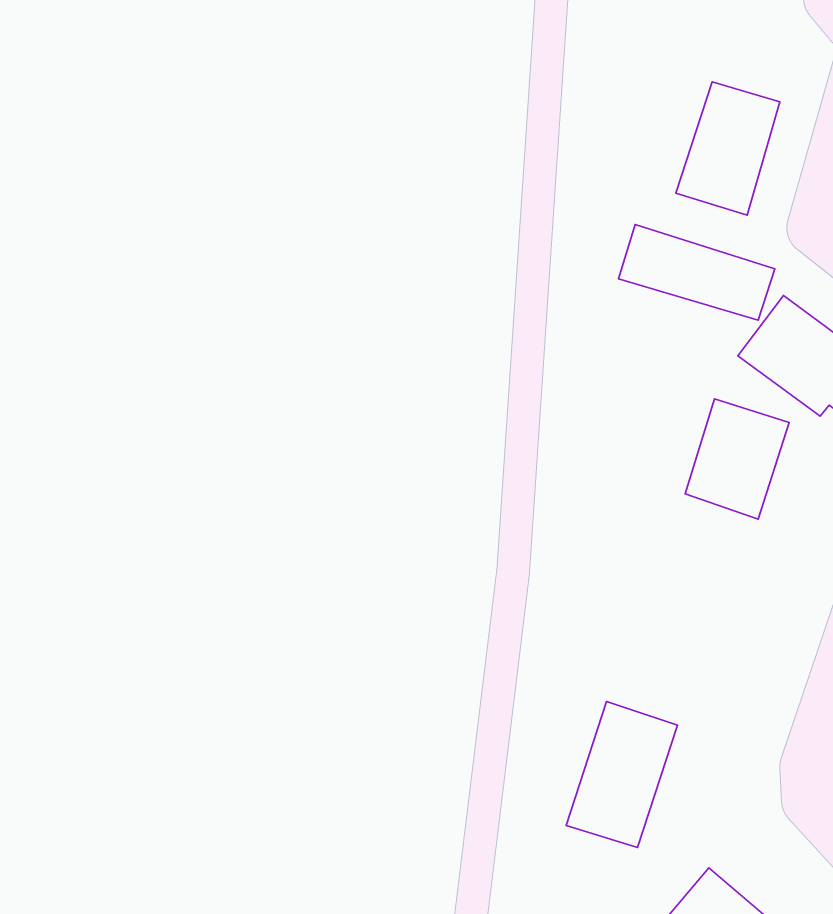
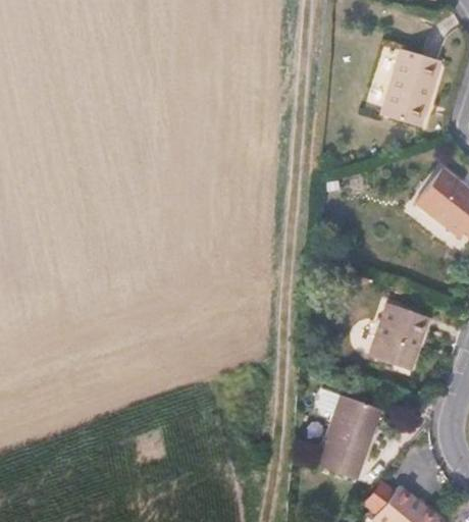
building: [618,224,775,320] -> none
building: [685,399,789,519] -> [371,303,429,370]

